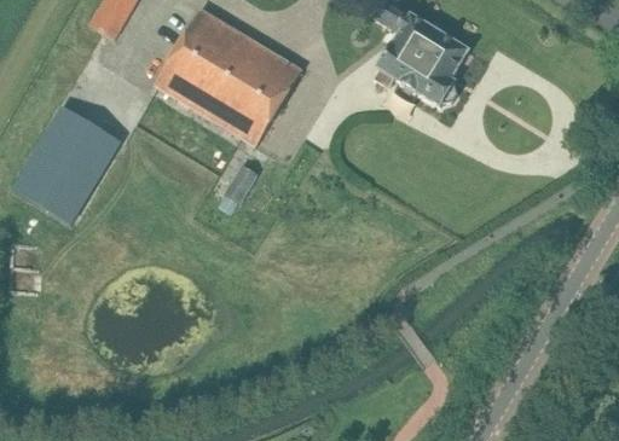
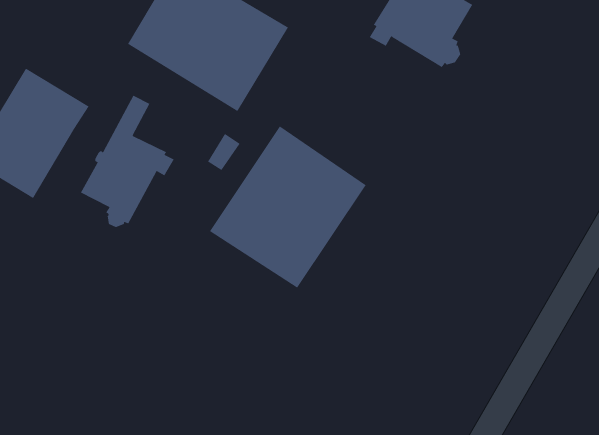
building: none -> [80,95,175,228]
building: none -> [209,126,367,289]

